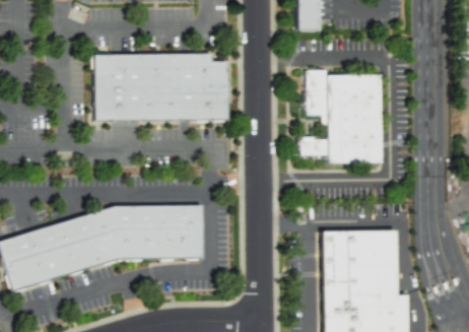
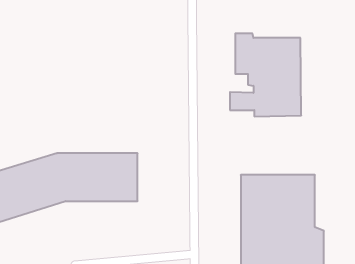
building: [94,55,228,123] -> none

